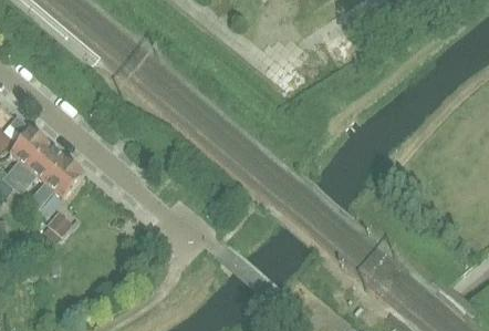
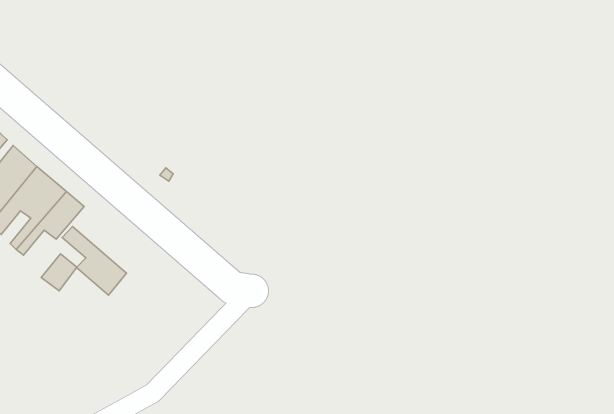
building: none -> [62,226,126,295]

